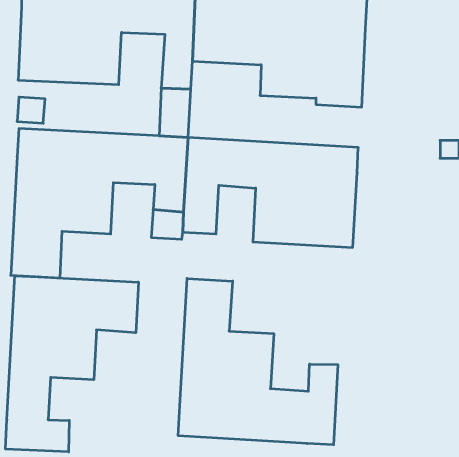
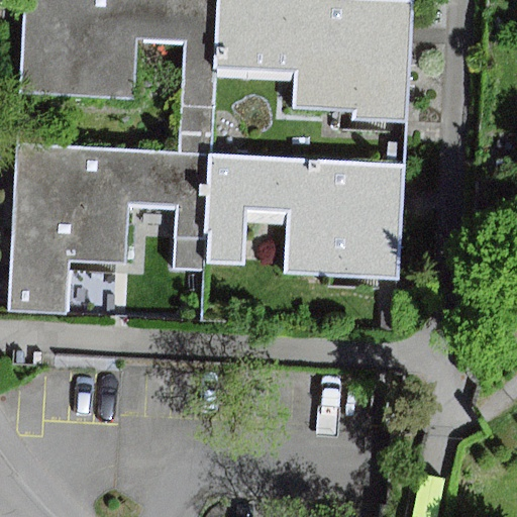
building: [6,276,138,452] -> none
building: [178,278,338,445] -> none

